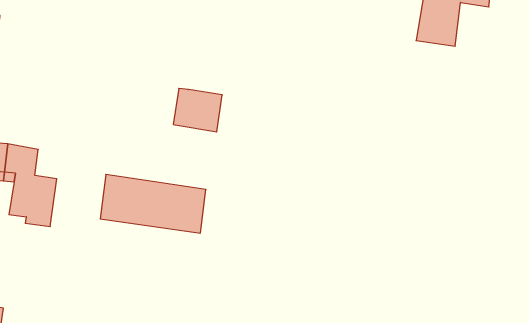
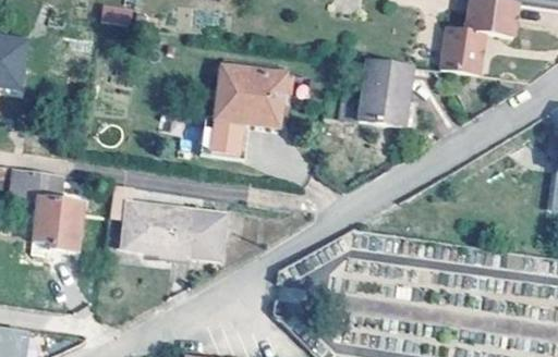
building: none -> [343,56,413,125]
building: none -> [213,62,284,126]

